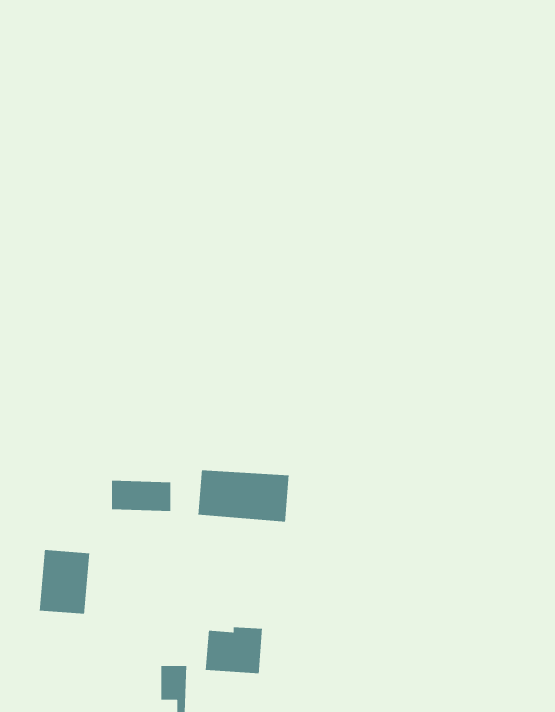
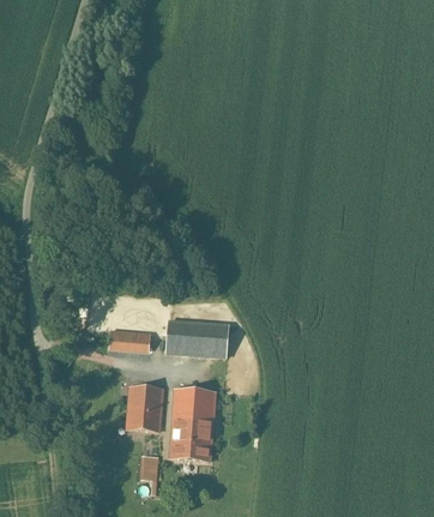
building: [39,549,90,615] -> [127,386,162,431]
building: none -> [174,389,213,432]

